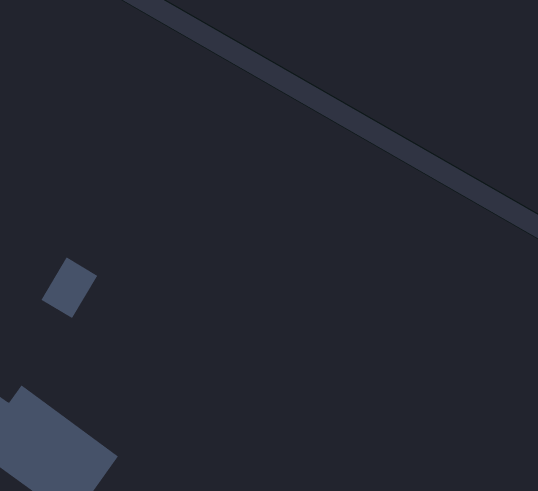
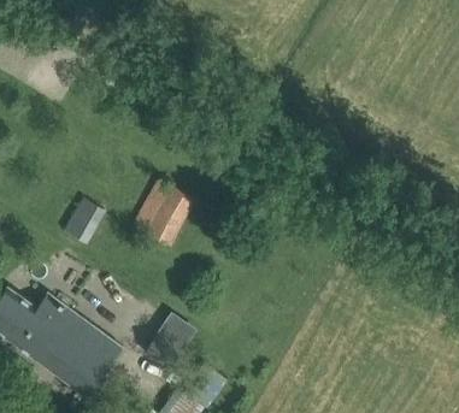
building: none -> [141,183,196,249]
building: none -> [145,317,194,368]

